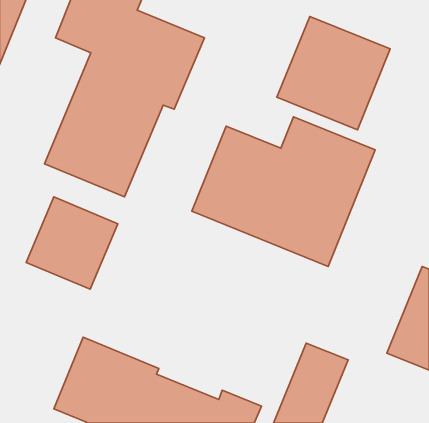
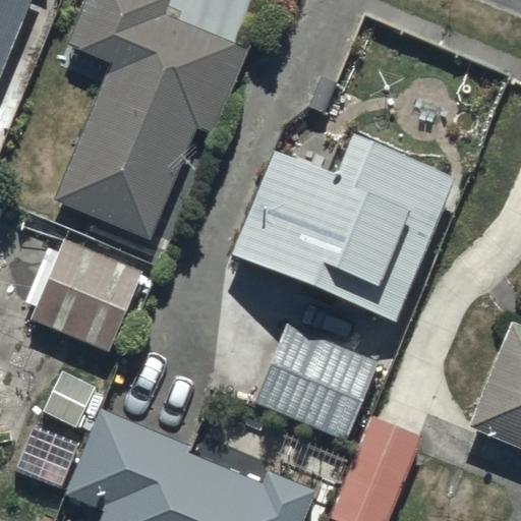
building: [277,16,390,130] -> none
building: none -> [255,324,379,440]

